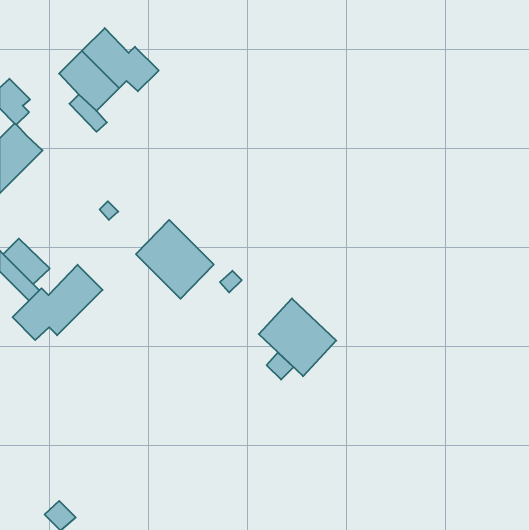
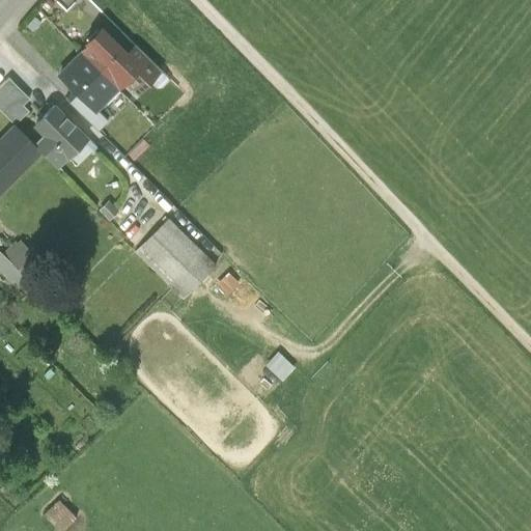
building: none -> [27,107,87,167]
building: [13,265,103,340] -> none
building: [259,298,336,376] -> none

